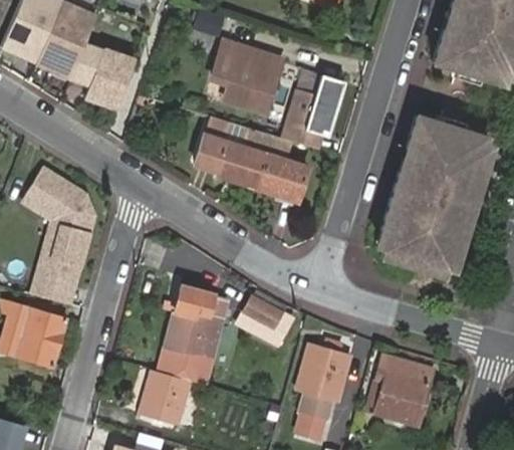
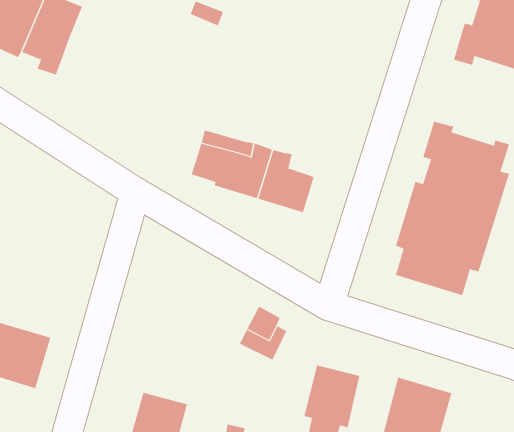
building: [213,39,283,113] -> none
building: [70,40,135,111] -> none
building: [281,83,341,157] -> none
building: [27,169,95,302] -> none
building: [160,284,223,378] -> none

